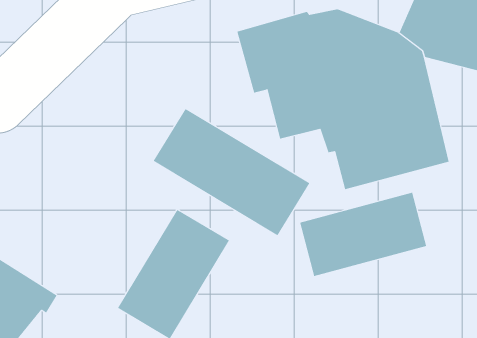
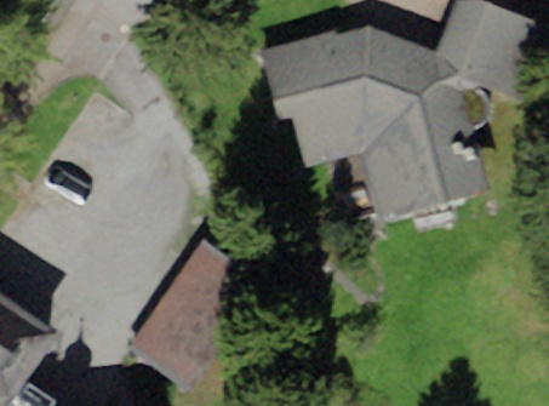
building: [153,108,310,236] -> none
building: [300,192,427,277] -> none

